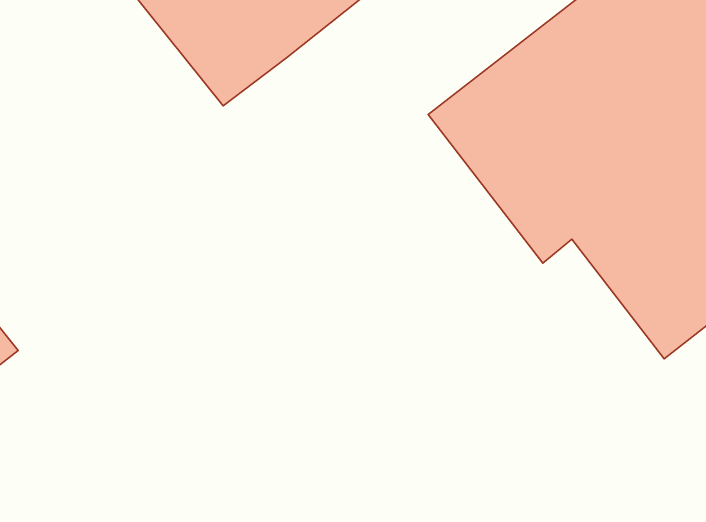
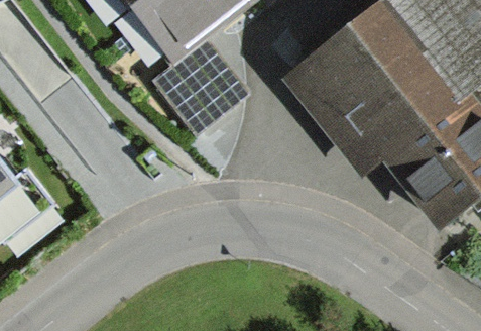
building: none -> [154,37,252,134]

